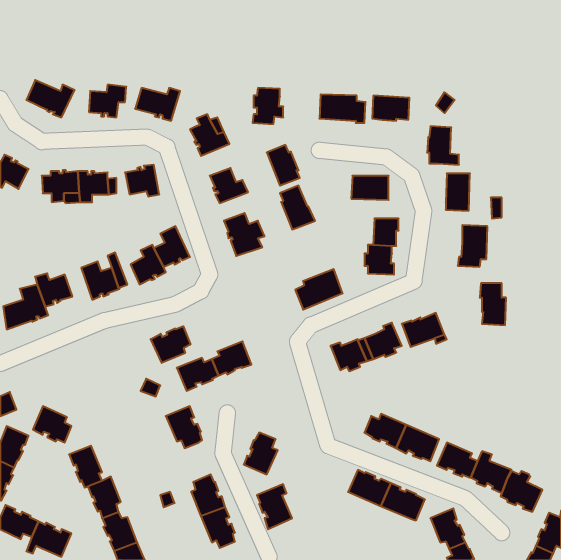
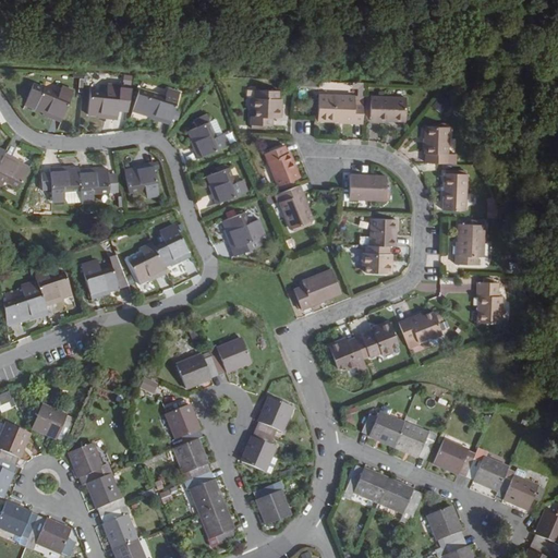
building: [151,326,190,363] -> none
building: none -> [257,396,293,436]
building: none -> [173,439,209,478]

